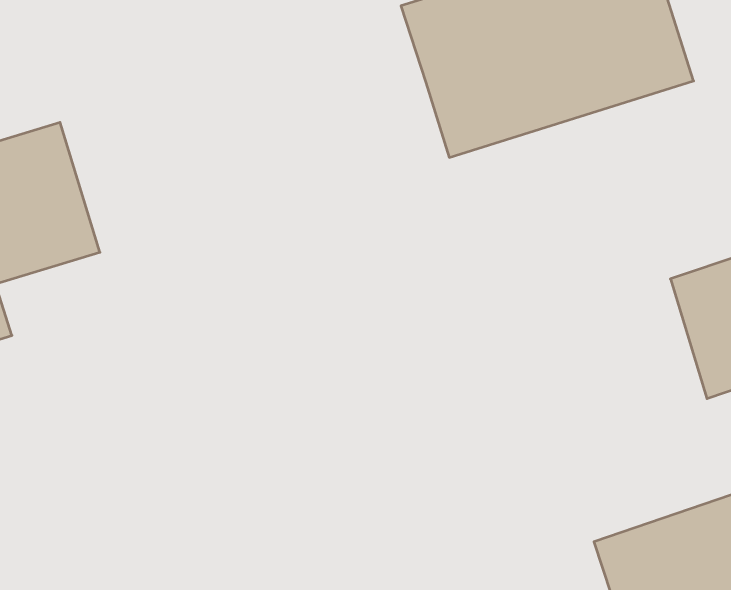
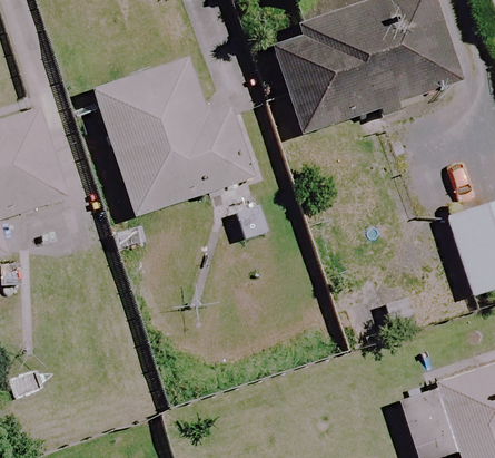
building: none -> [95,58,253,215]

